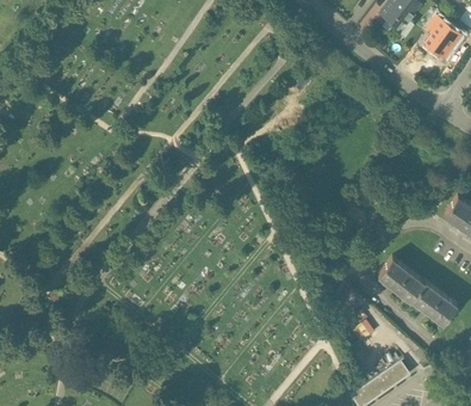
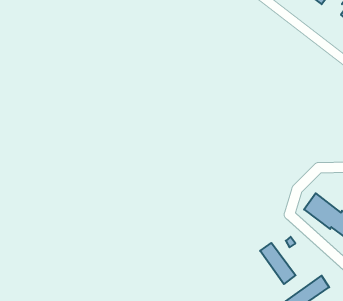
building: none -> [260,243,296,284]

